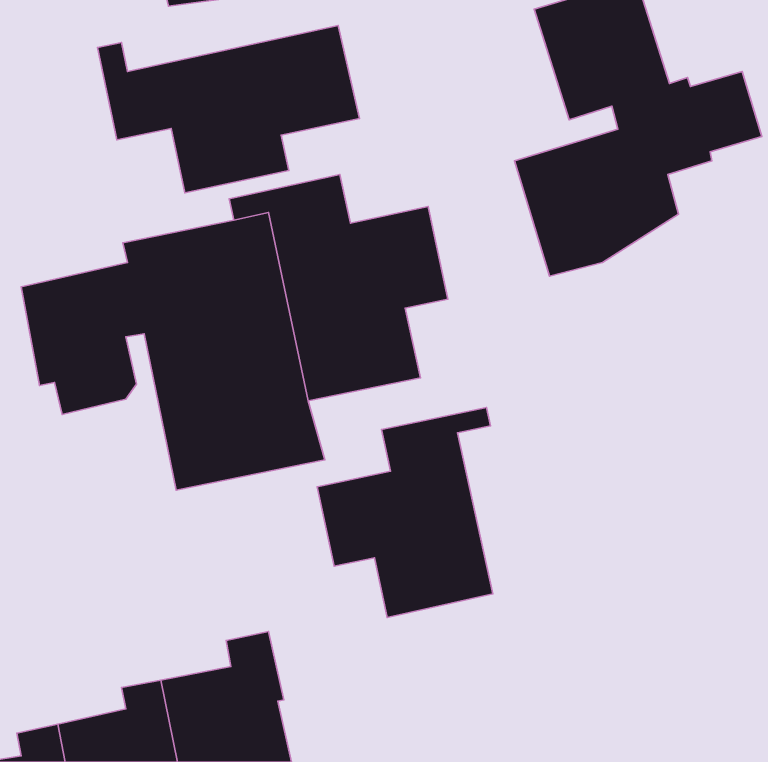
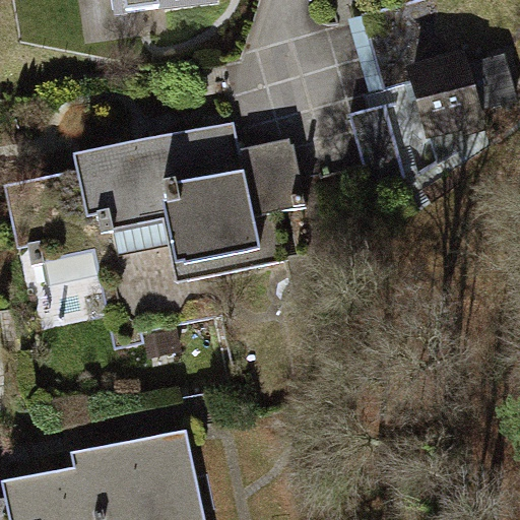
building: [98,26,359,193] -> none
building: [317,408,493,618] -> none

